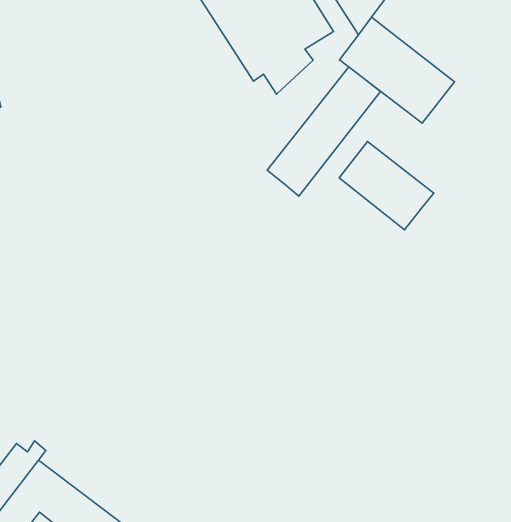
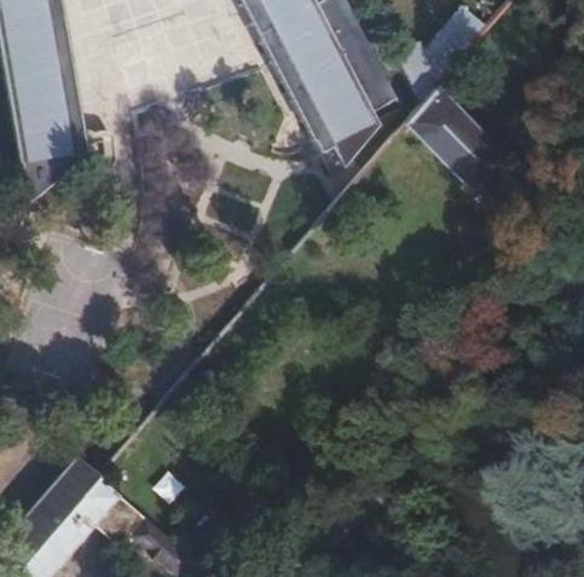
building: [267,67,380,196] -> none
building: [339,141,434,230] -> none

